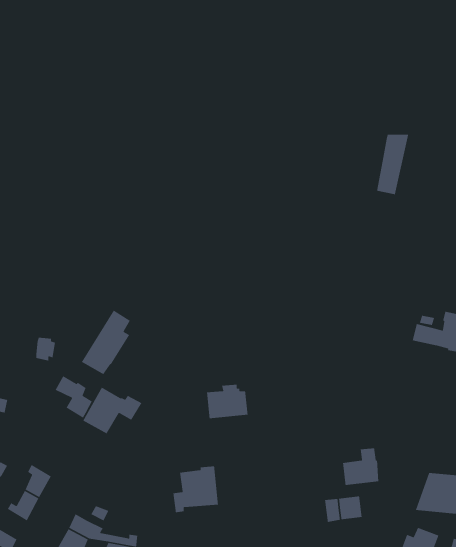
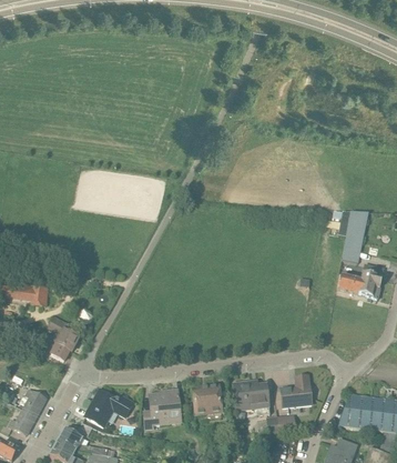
building: [376,134,409,195] -> [342,212,368,262]
building: [81,309,131,375] -> none
building: [206,384,249,419] -> [193,384,227,413]
building: [82,386,143,434] -> [84,387,133,426]
building: none -> [233,381,269,414]

